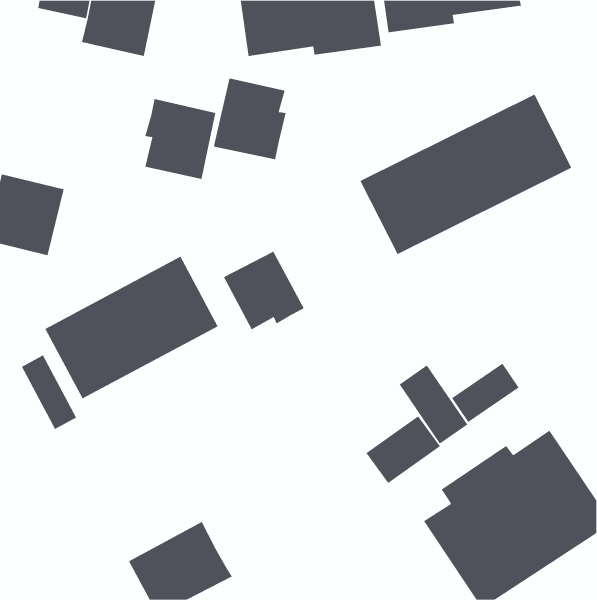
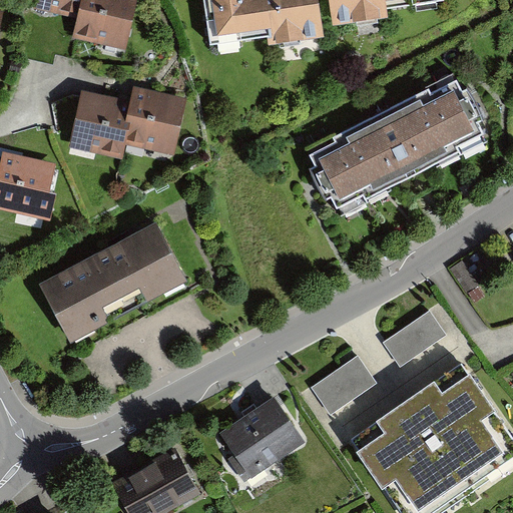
building: [214,78,287,160] -> [67,87,129,157]
building: [223,251,304,330] -> none
building: [21,355,77,430] -> none
building: [399,365,468,444] -> none
building: none -> [220,397,306,477]

